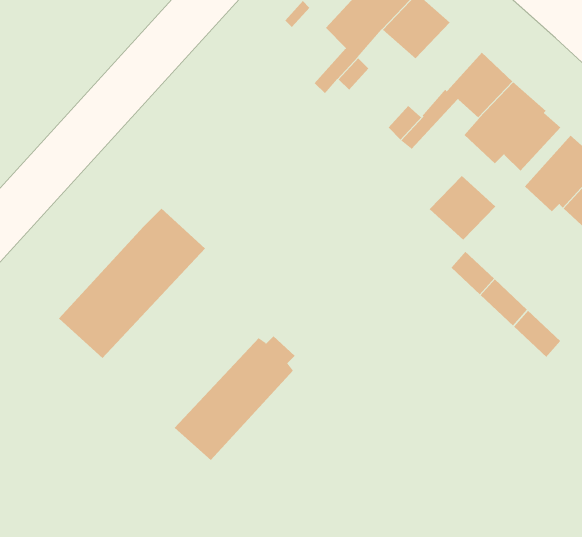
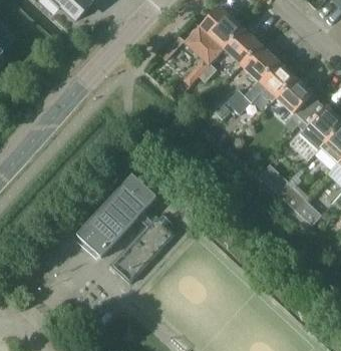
building: none -> [241,44,277,81]
building: [429,175,496,241] -> none
building: [58,208,206,359] -> [76,174,156,257]

